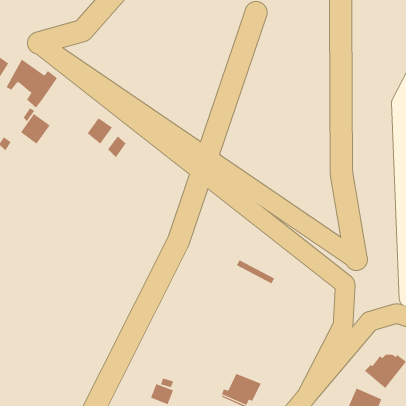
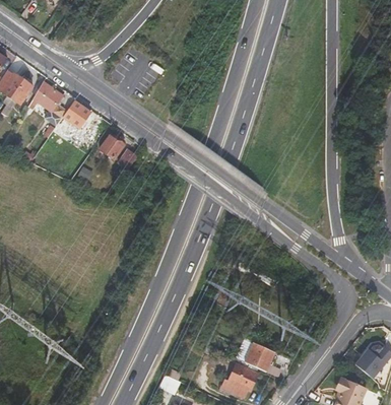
building: [20,113,50,145] -> [62,100,89,129]
building: none -> [246,342,273,369]

